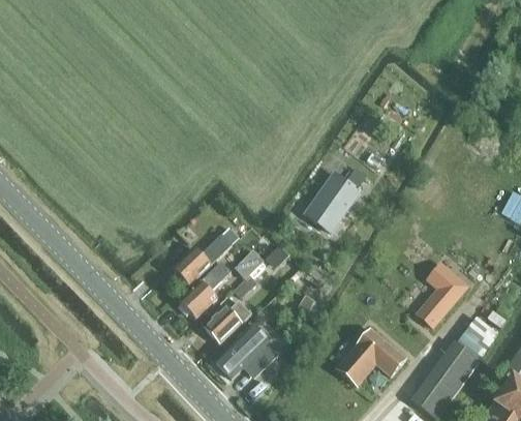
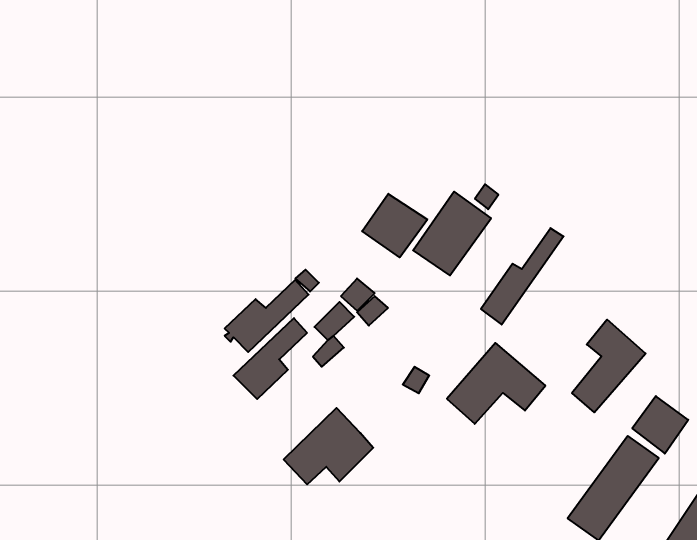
building: none -> [362,194,427,257]
building: none -> [481,228,564,325]
building: [204,301,252,344] -> none
building: [336,328,405,385] -> [447,343,545,424]

